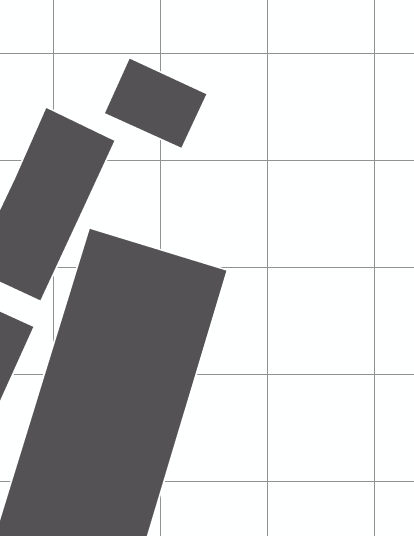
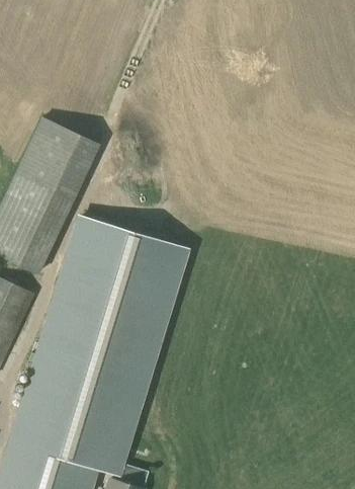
building: [104,57,208,149] -> none

